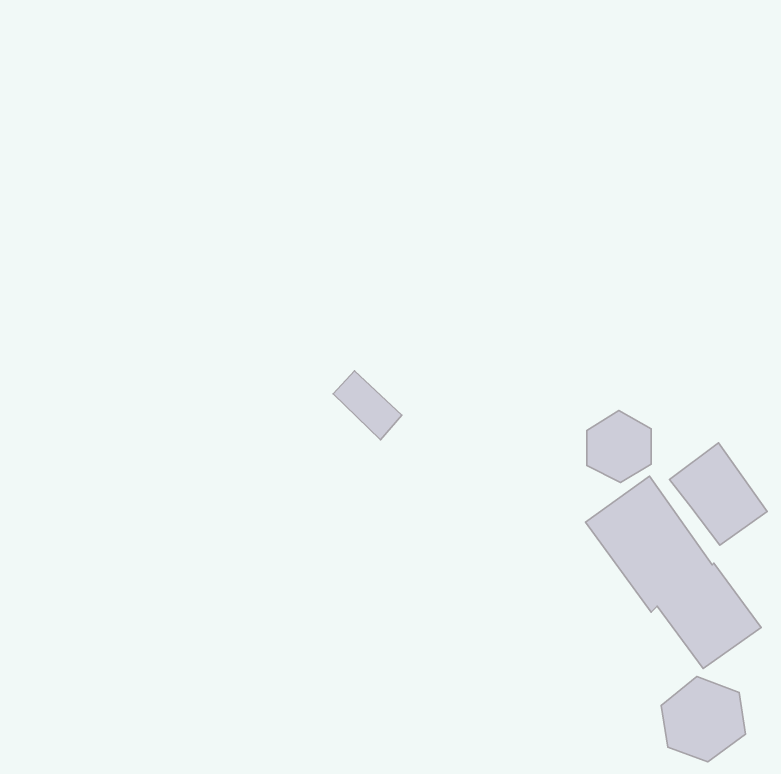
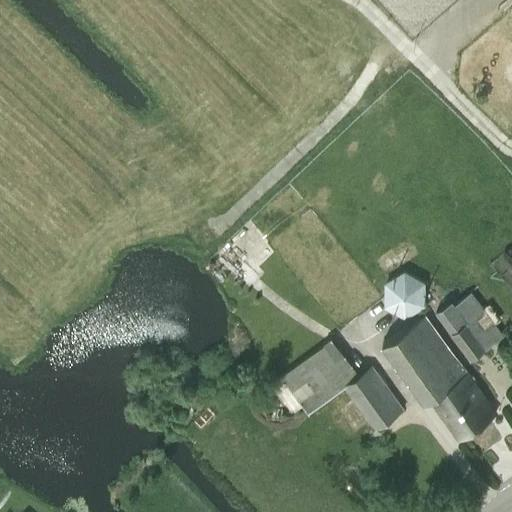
building: none -> [281,341,404,432]
building: [661,677,745,762] -> none

